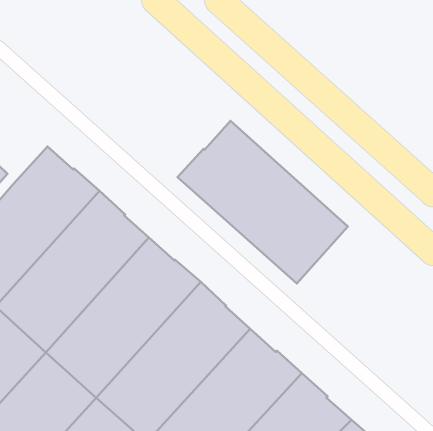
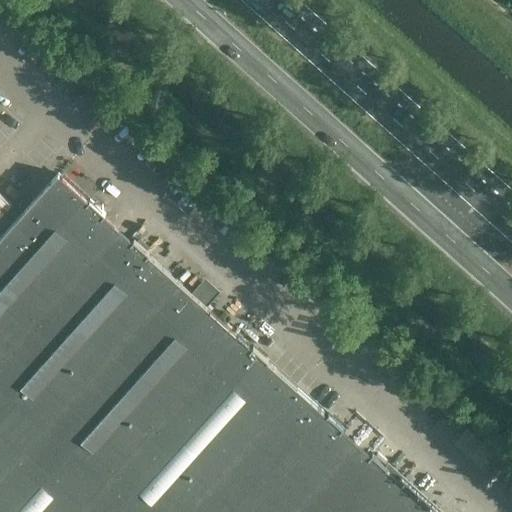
building: [178,121,348,283] -> none

